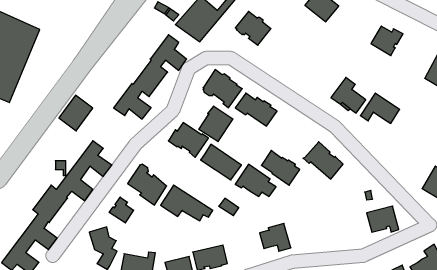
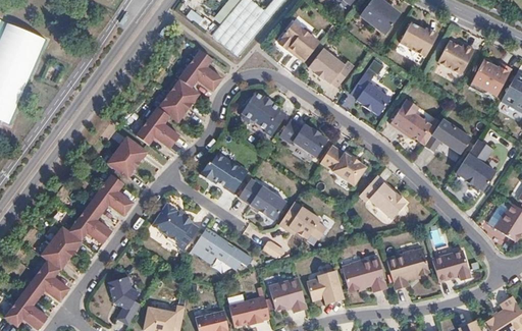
building: none -> [400,20,438,55]
building: none -> [308,49,353,87]
building: none -> [467,56,510,98]
building: none -> [351,71,392,115]
building: [59,95,93,131] -> [107,135,147,177]
building: [199,106,233,142] -> none
building: none -> [456,139,497,190]
building: [261,150,300,185] -> [320,144,365,184]
building: [109,197,134,223] -> none
building: none -> [386,249,429,289]
building: none -> [342,256,386,290]
building: none -> [268,277,306,311]

